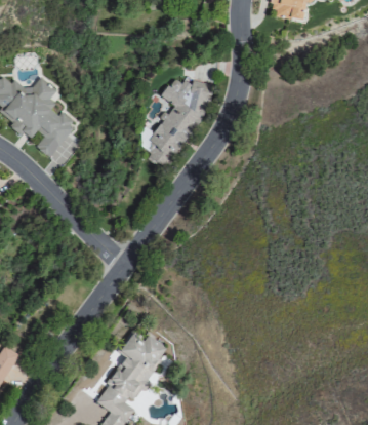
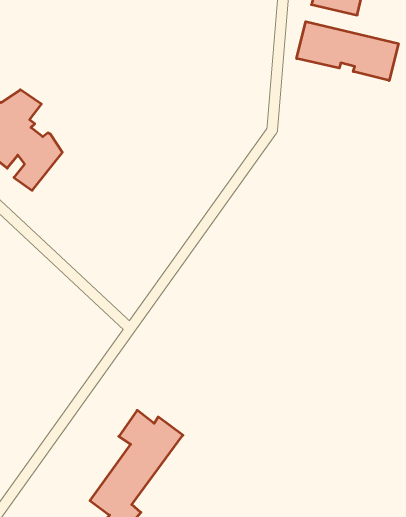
building: none -> [297,22,398,81]
building: [139,77,215,165] -> none

